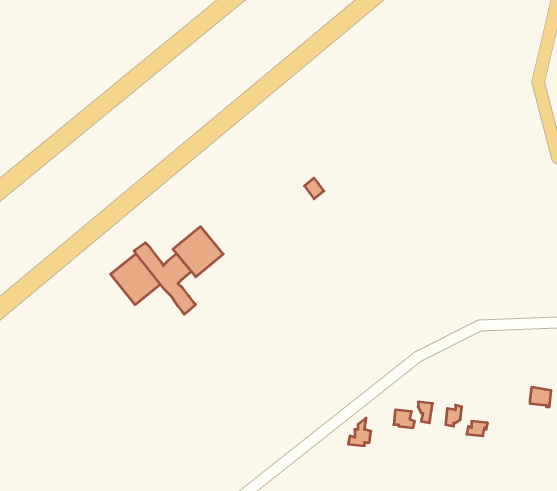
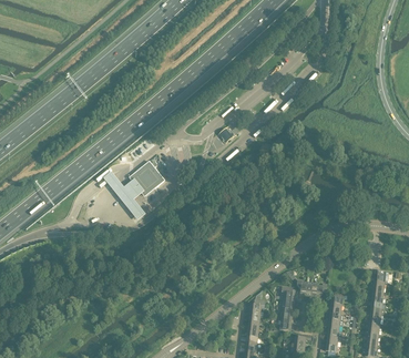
building: [111,254,160,305] -> none

